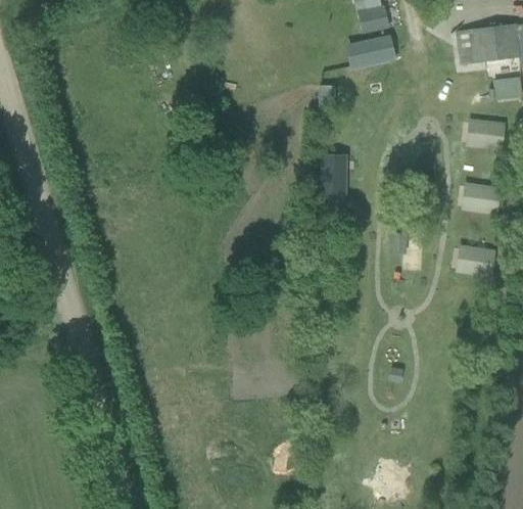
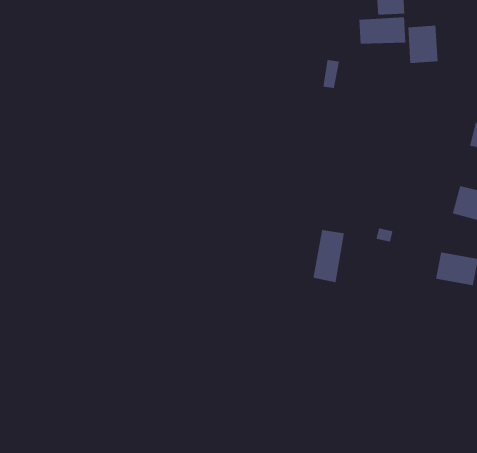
building: none -> [407,25,438,64]
building: [323,155,346,203] -> [313,229,345,283]

